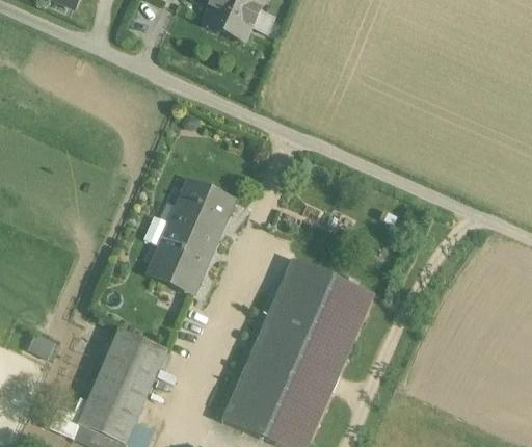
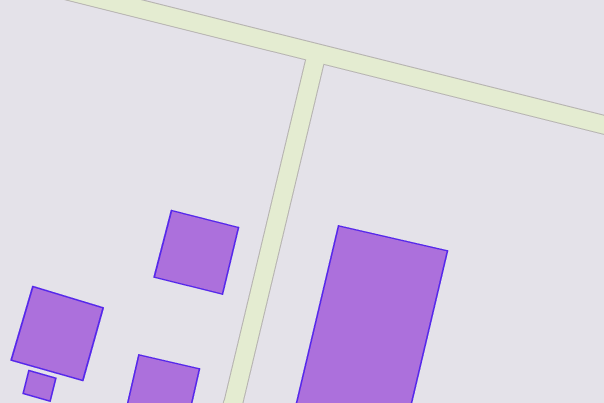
building: [165,176,236,246] -> none
building: none -> [11,287,103,381]

